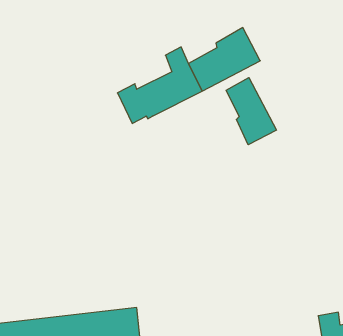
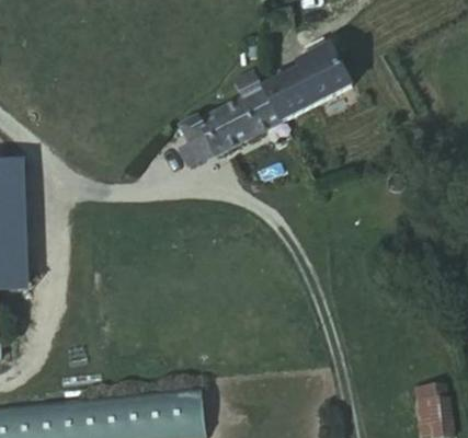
building: [226,78,276,145] -> none

